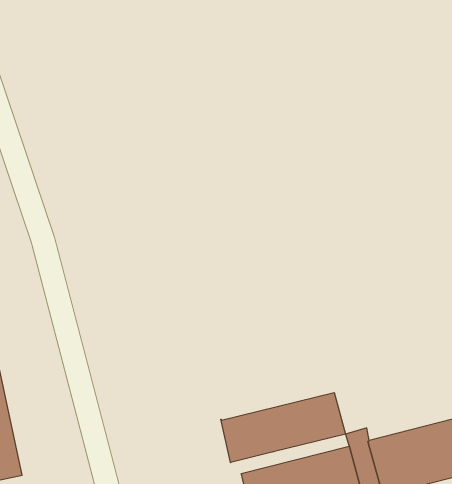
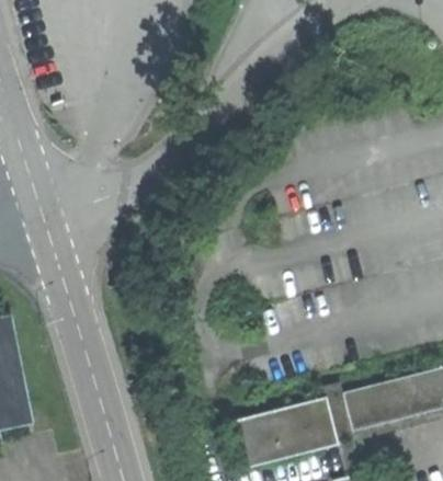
building: [221,393,346,463] -> none

